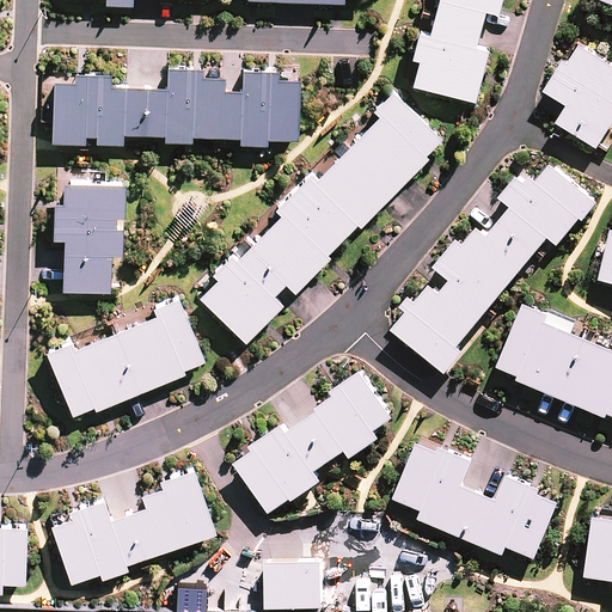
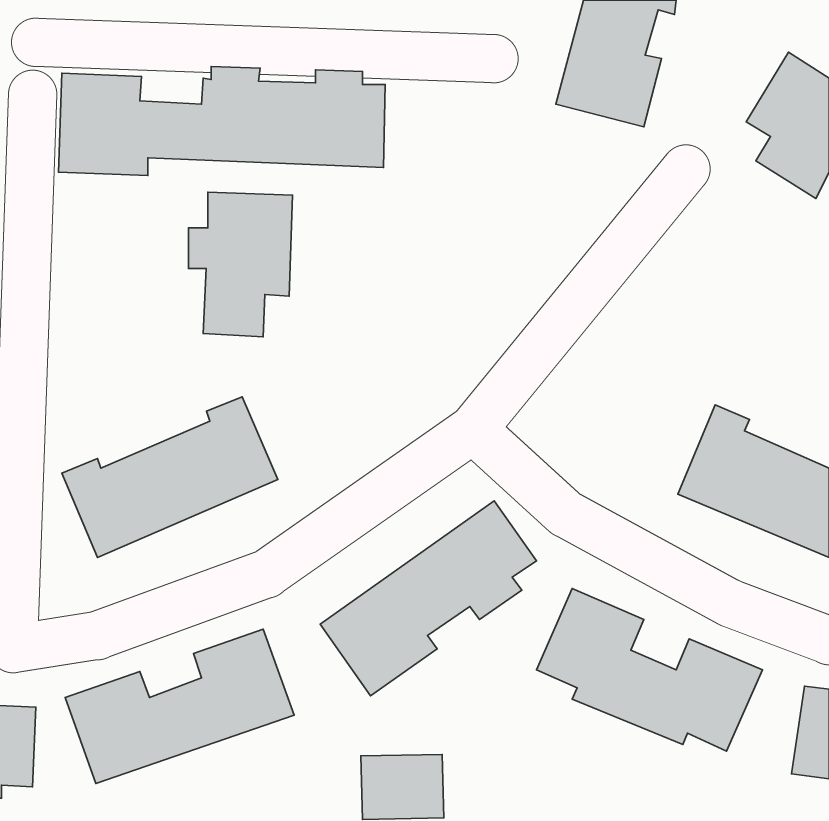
building: [198,98,442,342] -> none
building: [394,165,594,375] -> none
building: [37,175,114,281] -> [188,192,292,337]

